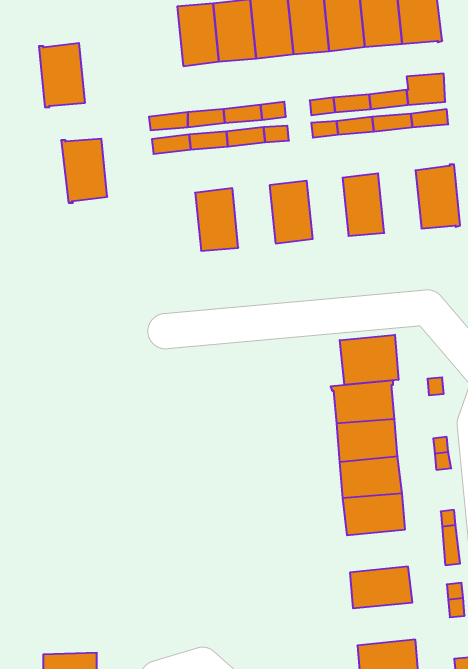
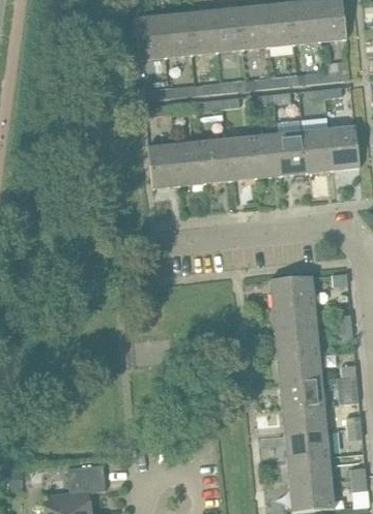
building: [39,43,85,107] -> [135,14,167,59]
building: [61,139,107,203] -> [147,144,179,188]
building: none -> [303,128,333,172]
building: none -> [253,133,282,176]
building: none -> [201,139,231,182]
building: [340,335,398,385] -> none
building: none -> [281,377,323,407]
building: none -> [285,428,328,458]

